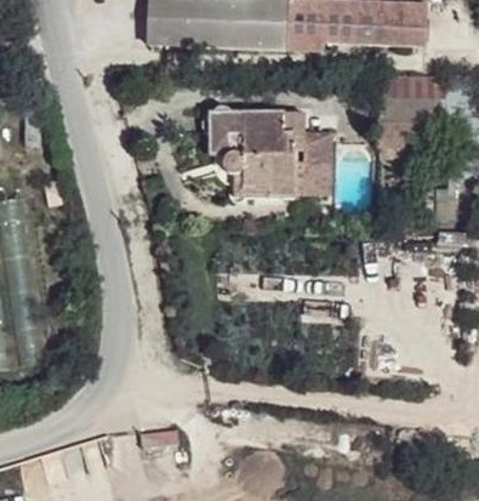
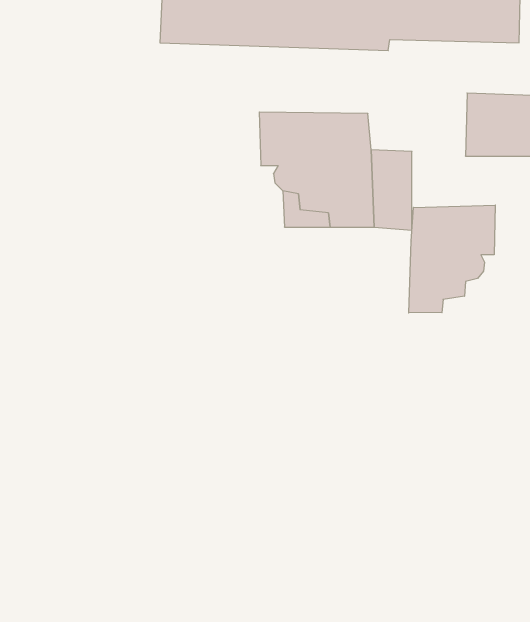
building: none -> [409,205,495,313]

